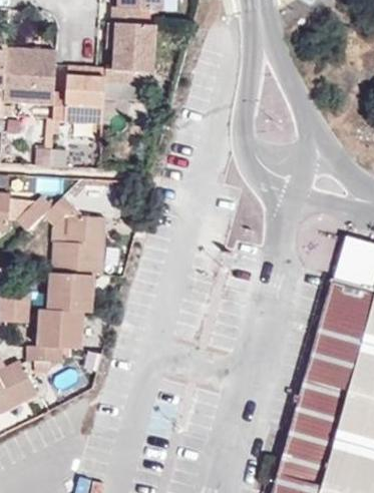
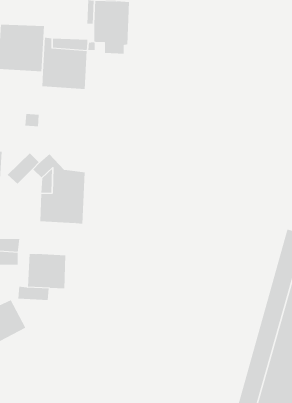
building: [48,273,92,312] -> none

